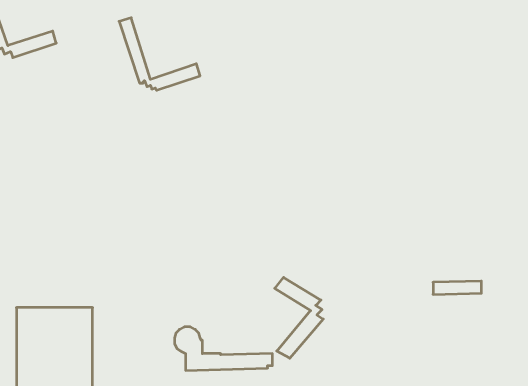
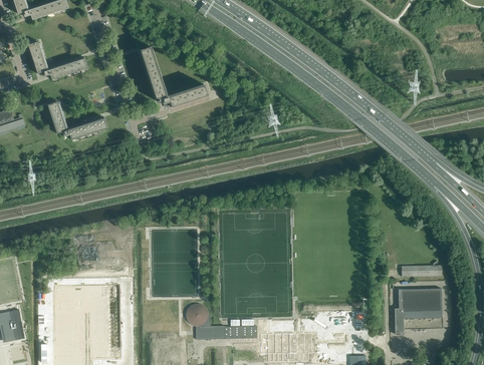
building: none -> [47,100,107,139]
building: [275,277,323,358] -> none
building: none -> [394,288,441,333]

